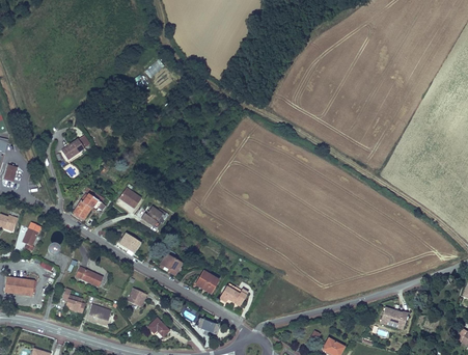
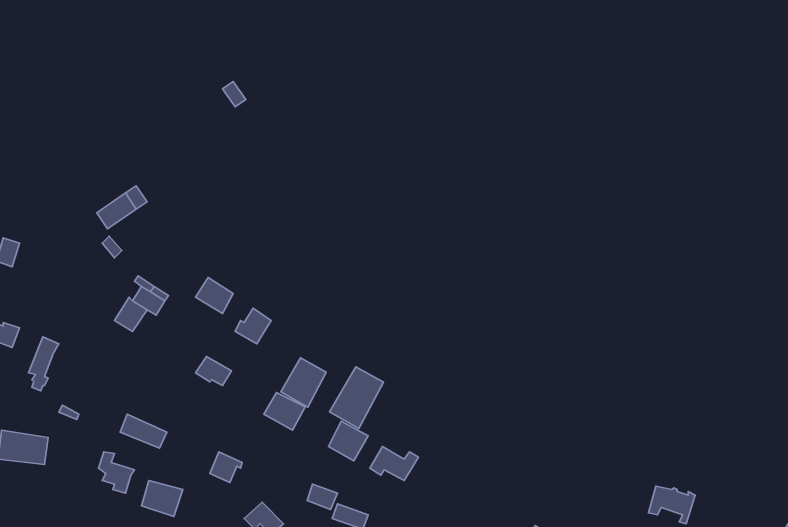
building: none -> [281,358,326,407]
building: none -> [329,367,383,429]

